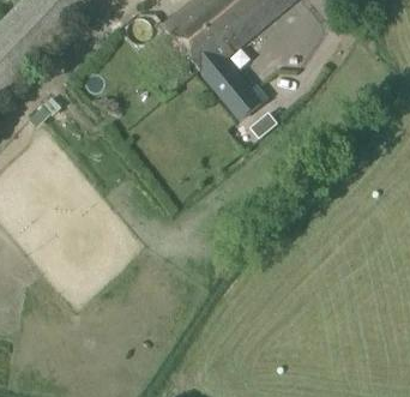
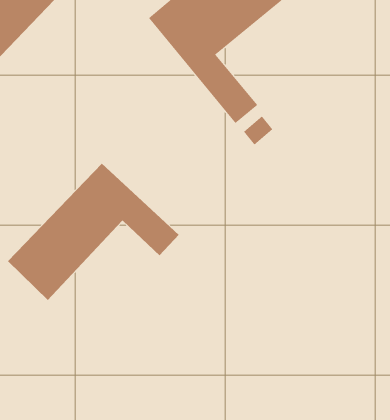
building: none -> [7,163,180,301]

